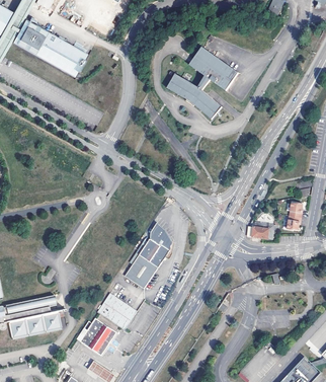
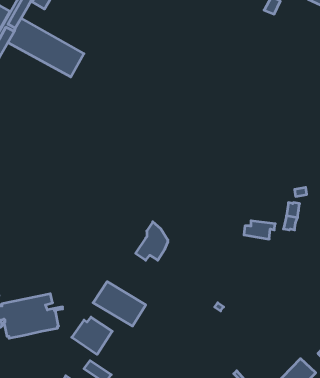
building: [168,48,240,121] -> none
building: [126,254,162,289] -> none

